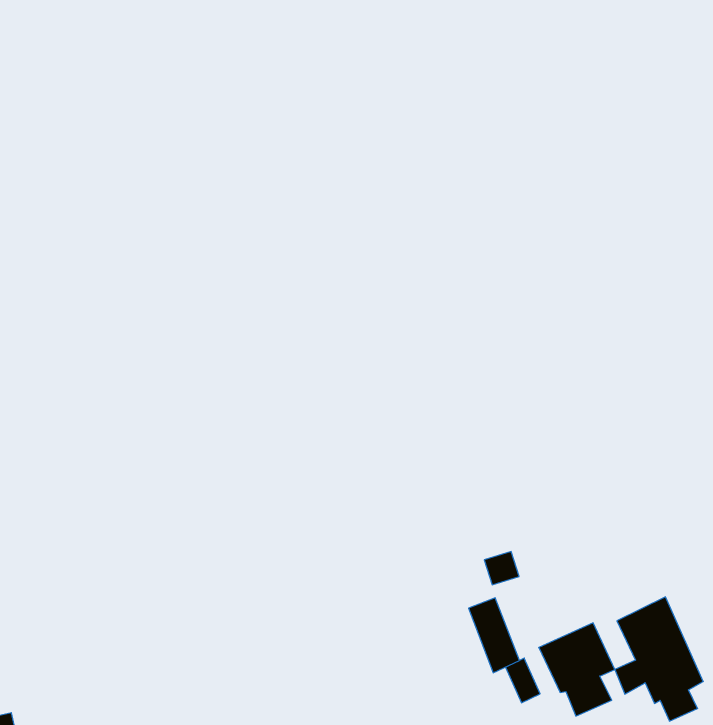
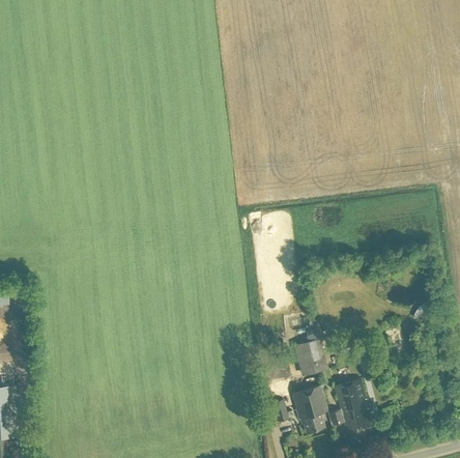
building: [469,598,519,673] -> [294,339,316,377]

